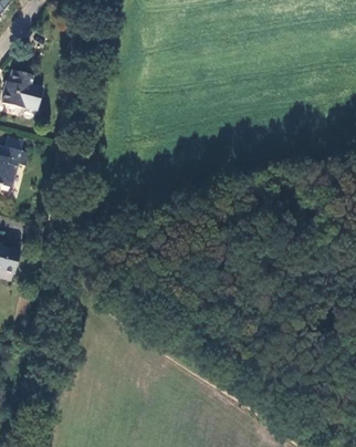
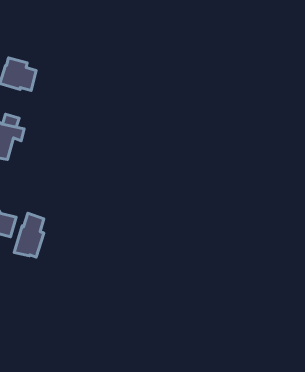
building: none -> [14,213,44,257]

